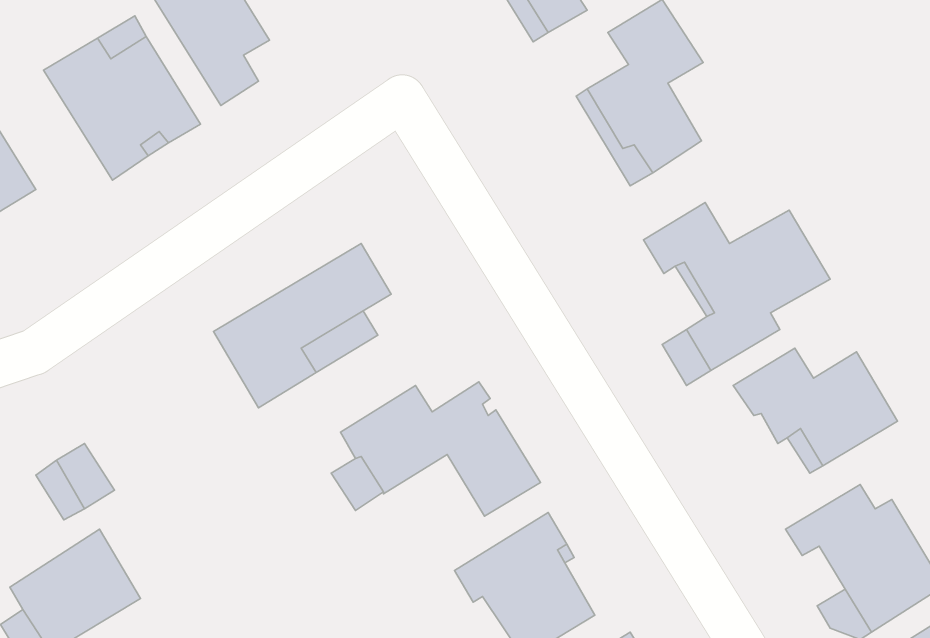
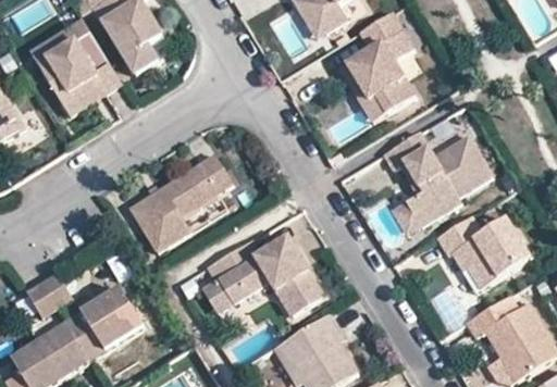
building: none -> [65,287,146,362]

